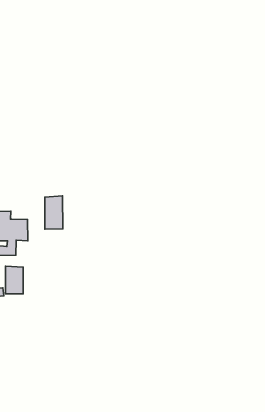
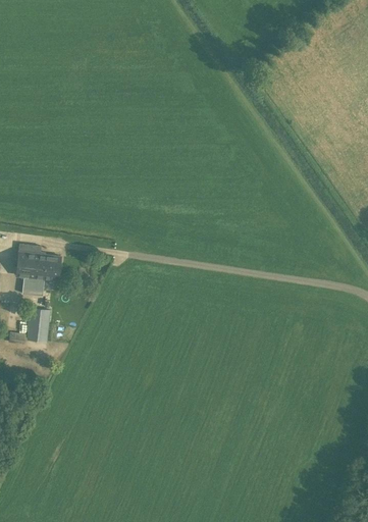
building: [45,196,63,229] -> none

